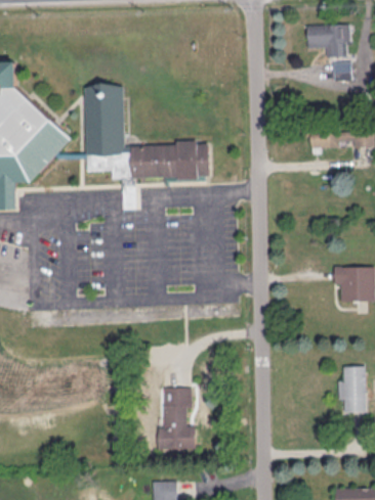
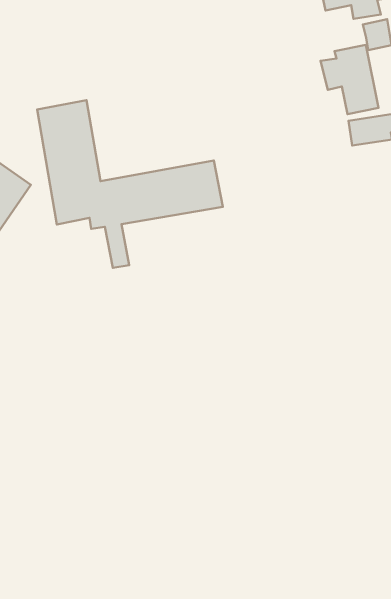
building: none -> [321,45,379,114]
building: [157,387,195,450] -> none

